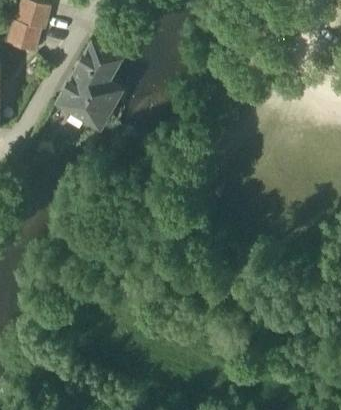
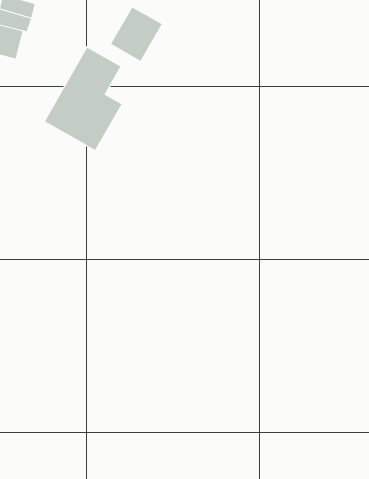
building: none -> [110,6,162,62]

